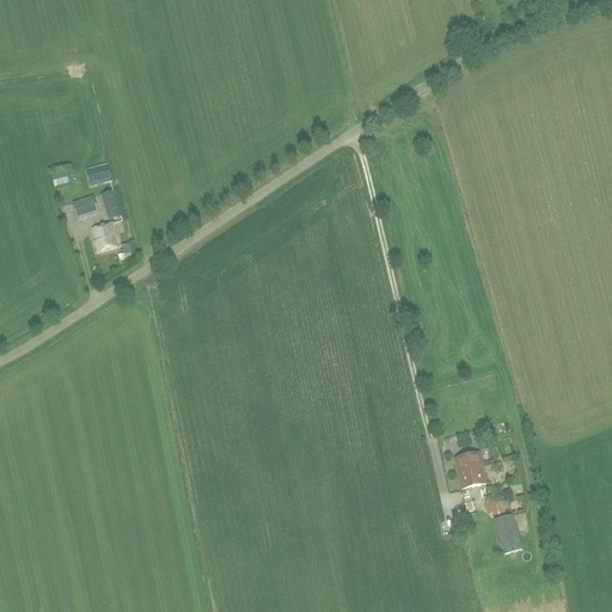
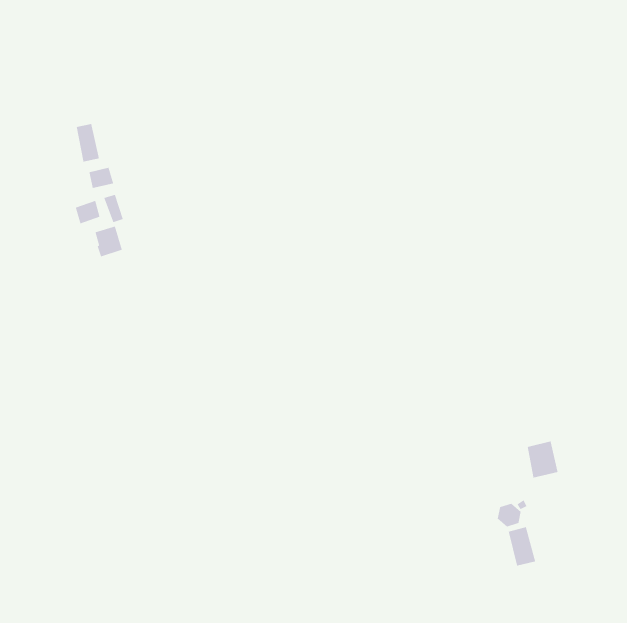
building: none -> [76,123,100,163]
building: [455,451,486,488] -> [527,441,559,479]

